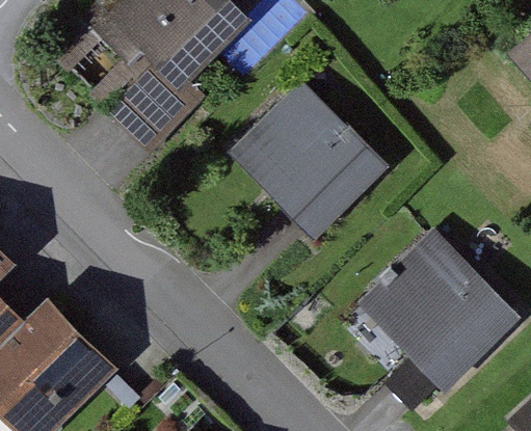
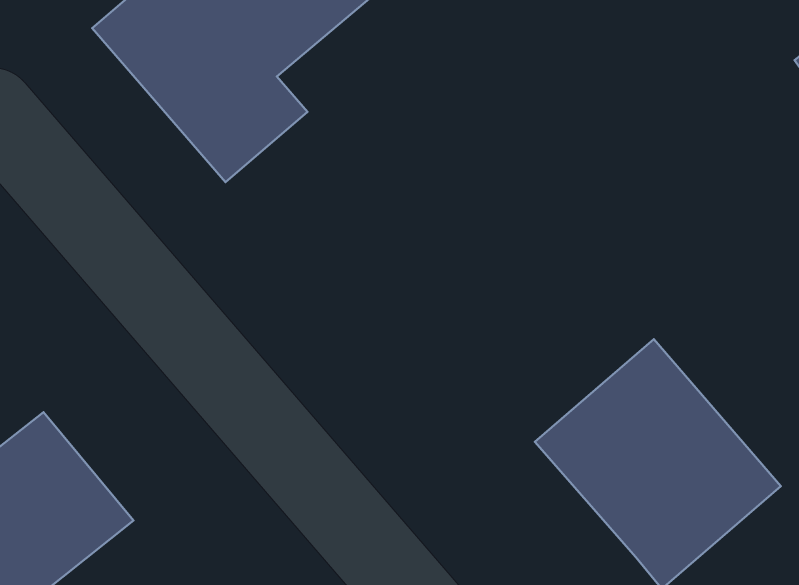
building: [233,83,387,238] -> none

